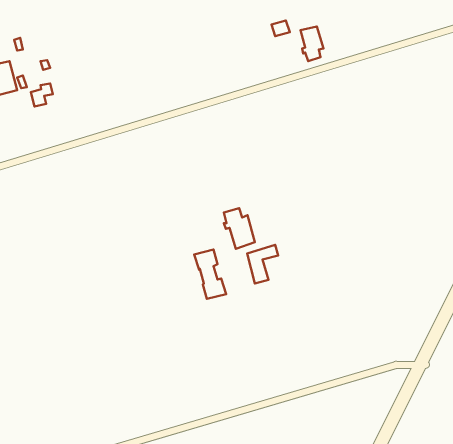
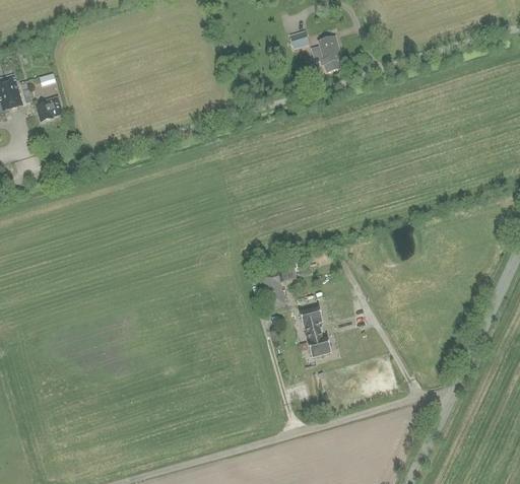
building: [224,208,255,249] -> none
building: [194,250,226,299] -> [298,305,331,357]

